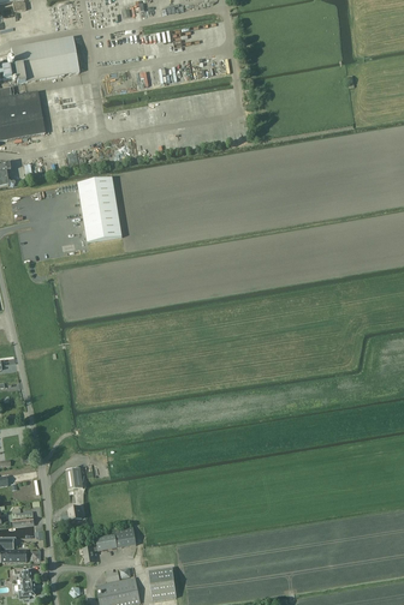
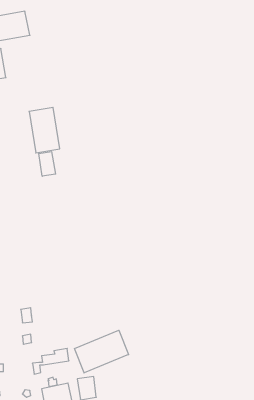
building: none -> [39,152,56,176]
building: none -> [74,330,129,373]

